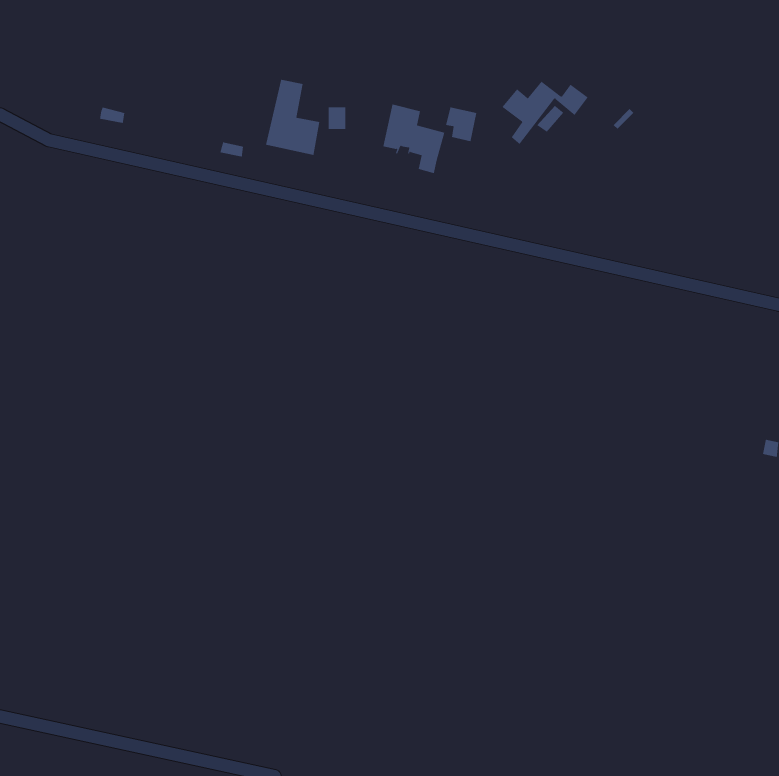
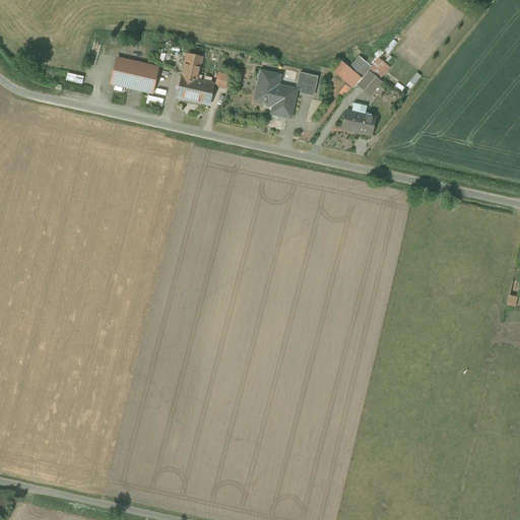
building: none -> [112,57,157,90]
building: none -> [341,109,376,134]

